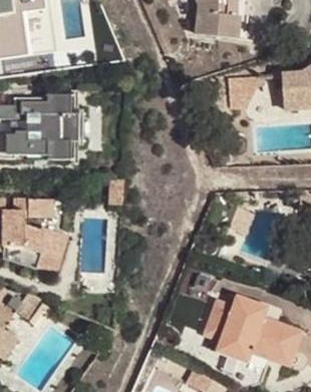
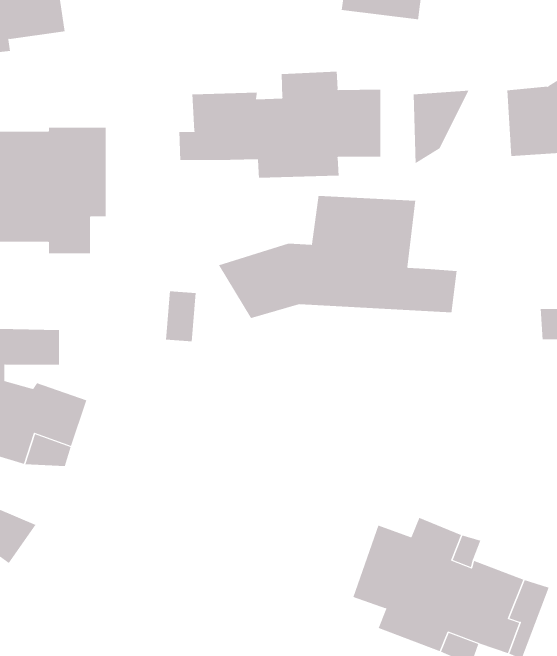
building: none -> [179,71,381,179]
building: none -> [218,195,457,319]

